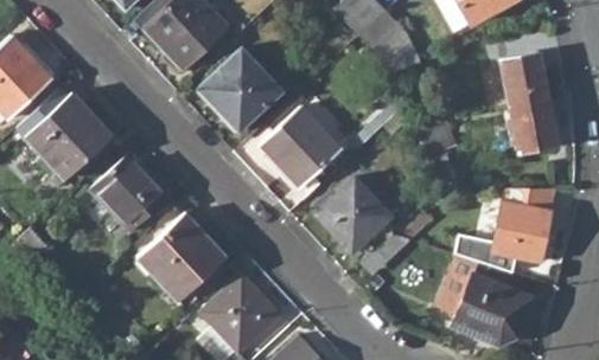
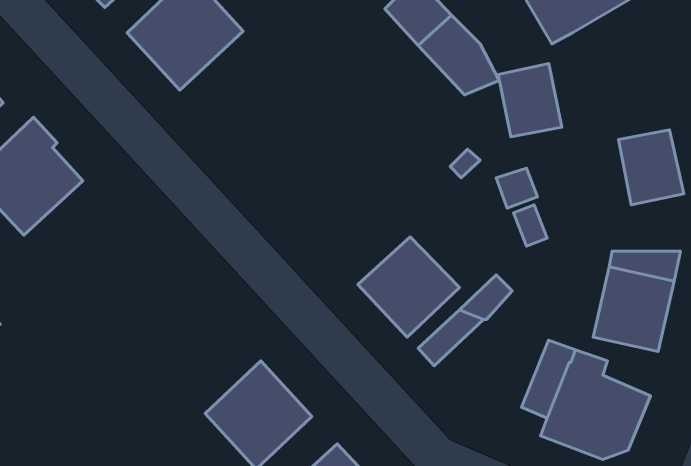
building: [199,46,283,130] -> none
building: [501,52,548,107] -> [498,63,562,137]
building: [261,104,343,184] -> none
building: [91,150,171,231] -> none
building: [138,211,227,300] -> none

